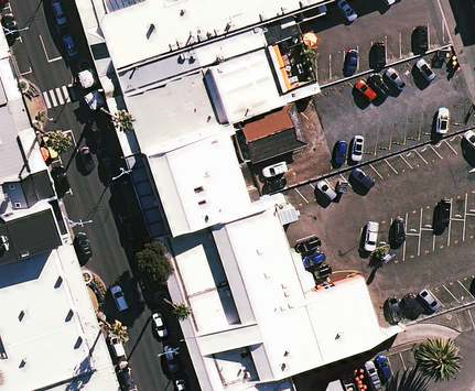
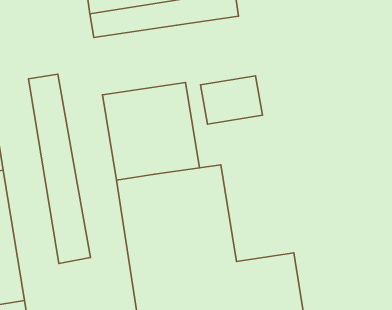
building: [126,47,323,148] -> none
building: none -> [28,74,91,263]

